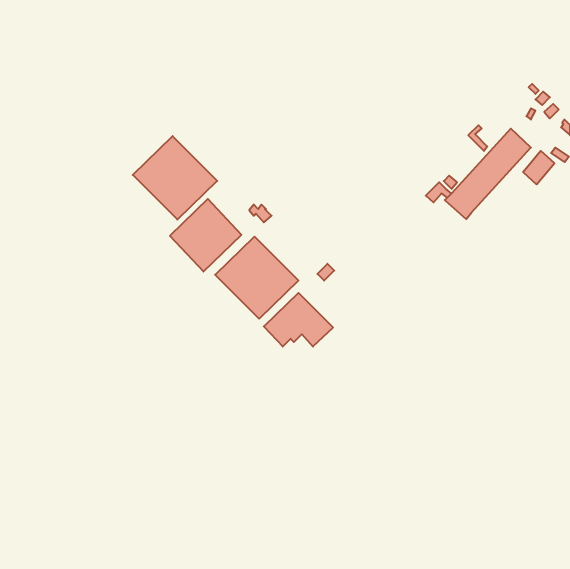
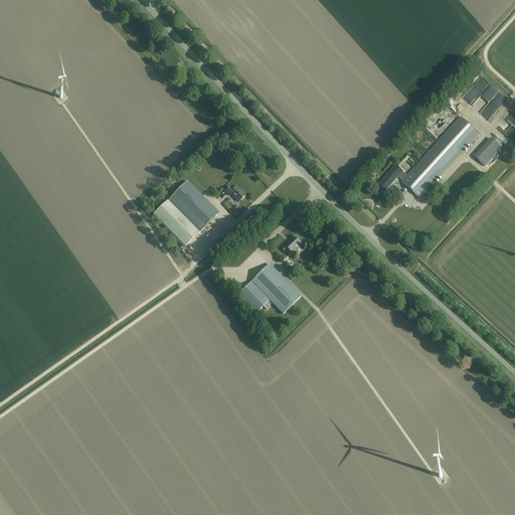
building: [133,136,217,220] -> none
building: [215,237,298,319] -> none

